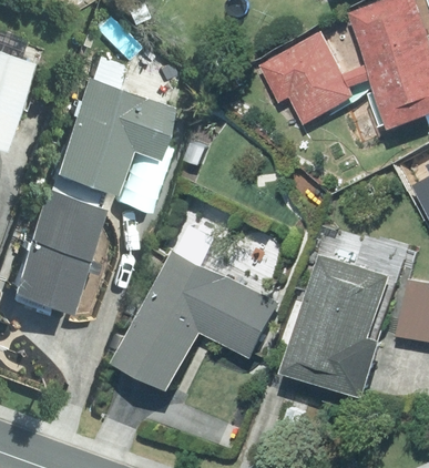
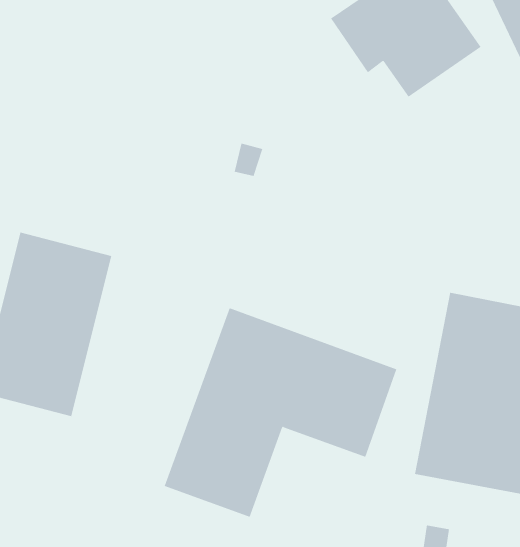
building: [41,74,162,190] -> none

